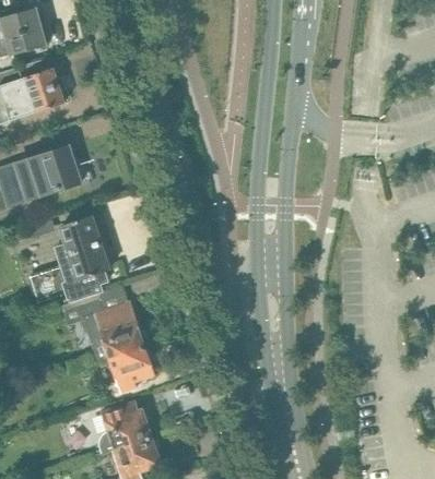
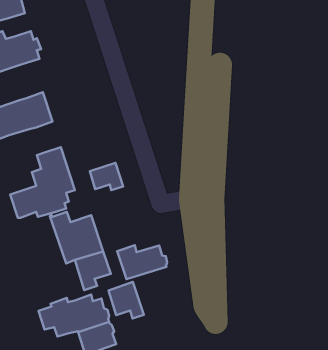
building: none -> [90,163,123,190]
building: none -> [117,245,167,279]
building: none -> [108,282,144,318]

